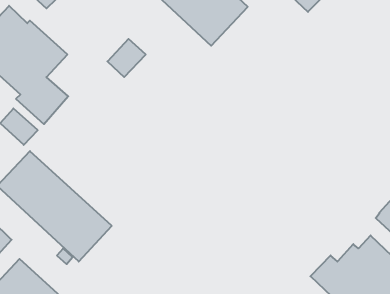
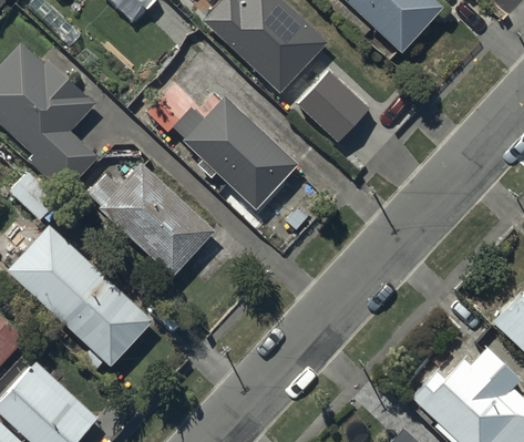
building: none -> [300,74,370,143]
building: none -> [184,99,298,210]
building: none -> [89,166,215,277]

